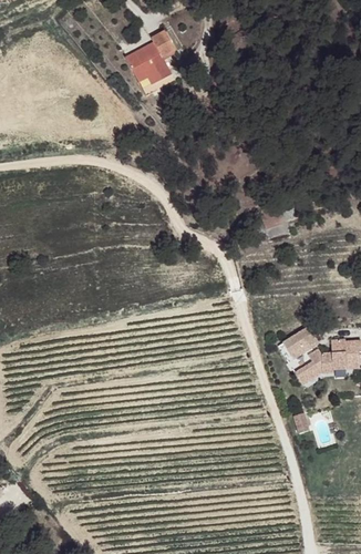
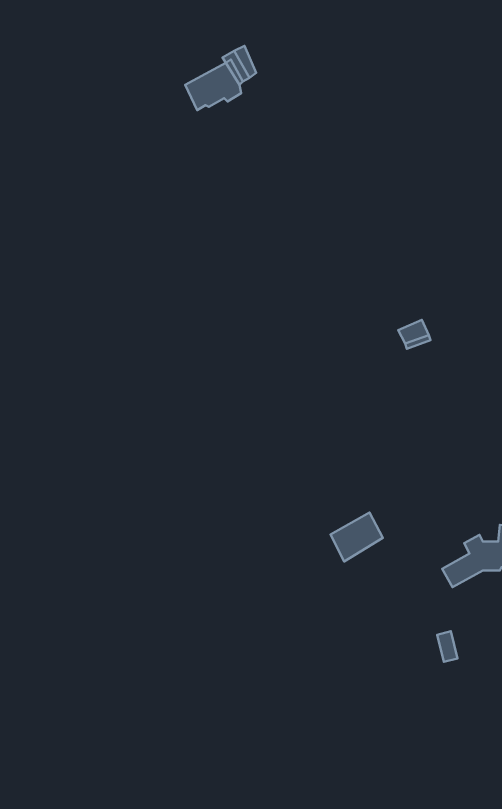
building: [286,329,320,361] -> [331,512,383,561]

